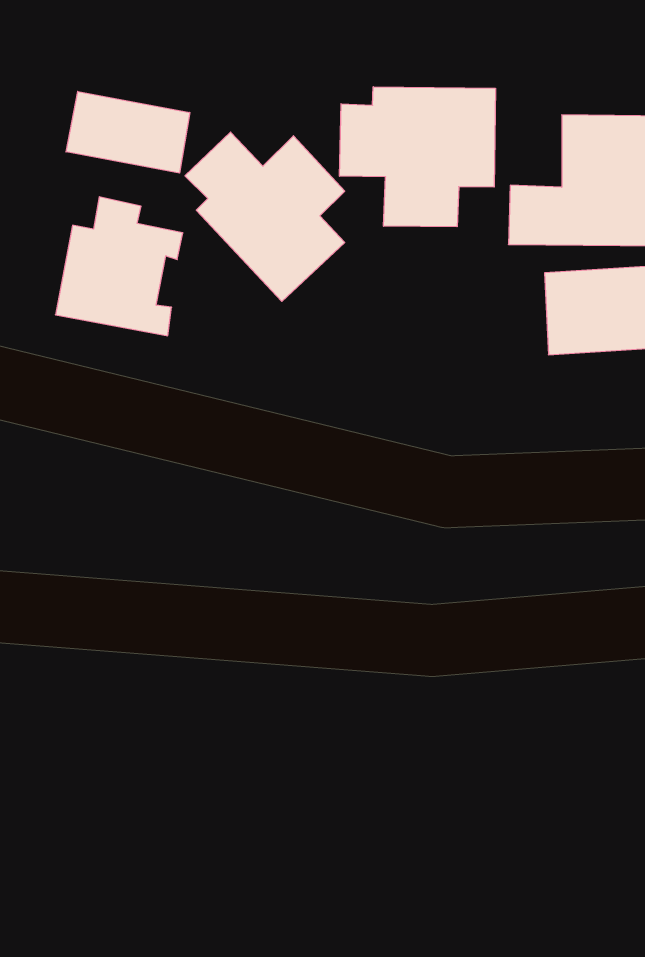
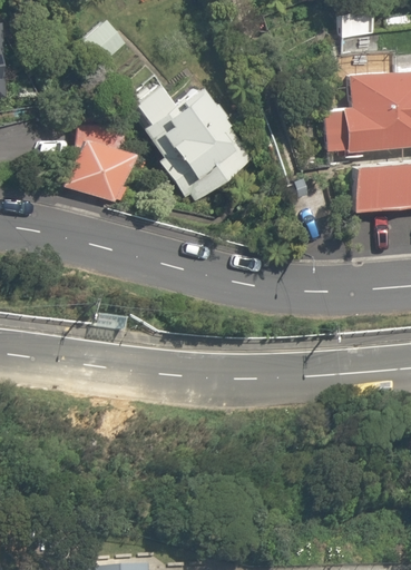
building: [340,87,495,227] -> none
building: [66,91,190,173] -> none

